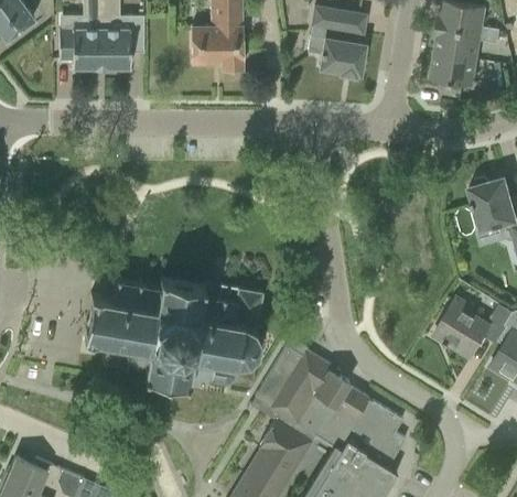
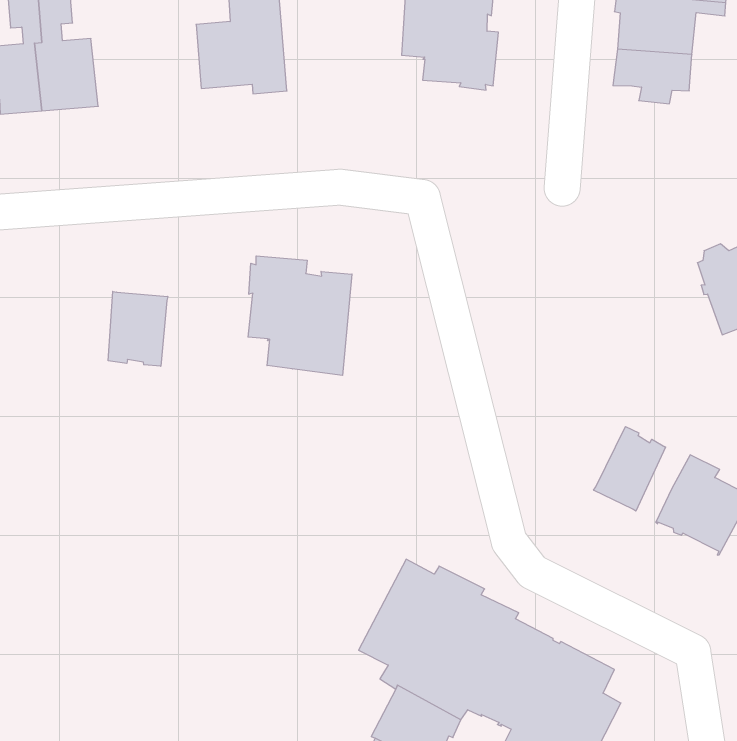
building: none -> [248,256,352,375]
building: none -> [108,291,168,366]
building: [84,277,263,388] -> none
building: none -> [594,427,666,511]

